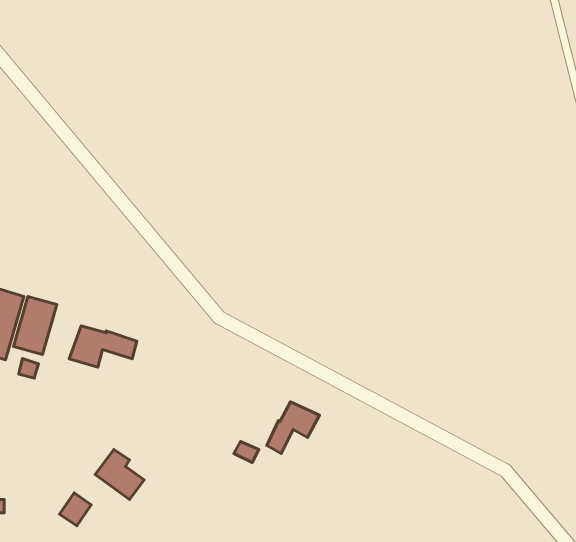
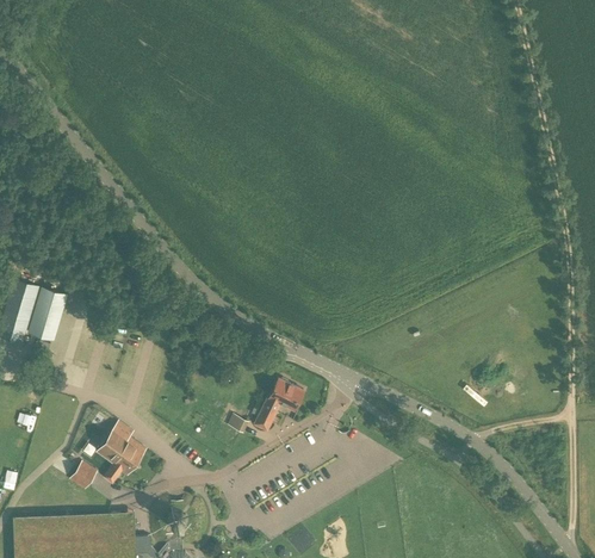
building: [69,326,137,367] -> none
building: none -> [97,447,134,486]

